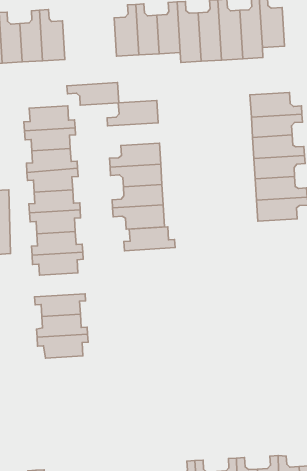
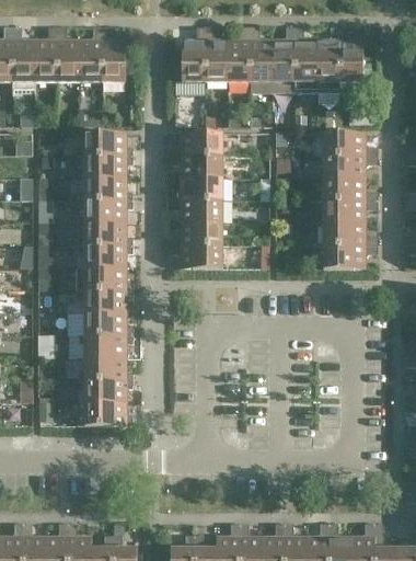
building: [67,83,119,105] -> [166,157,221,179]
building: [124,227,175,251] -> [77,313,131,336]
building: none -> [77,403,131,426]

